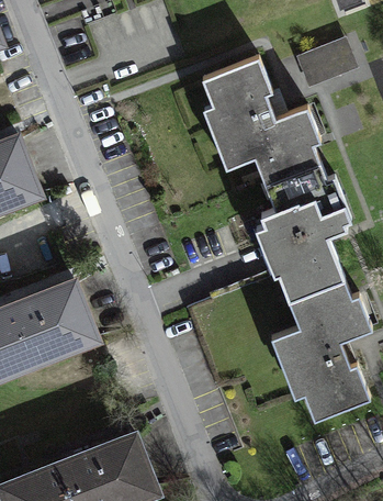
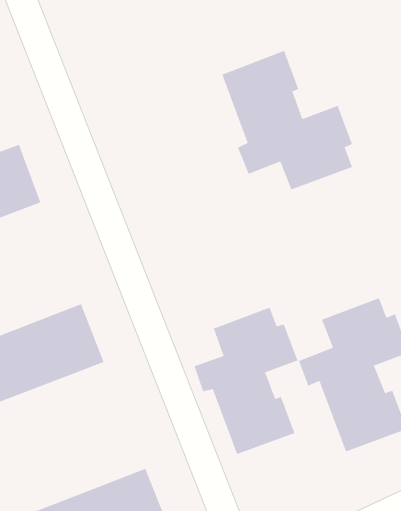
building: [295,40,359,91] -> none
building: [260,165,351,302] -> none
building: none -> [194,307,298,455]

